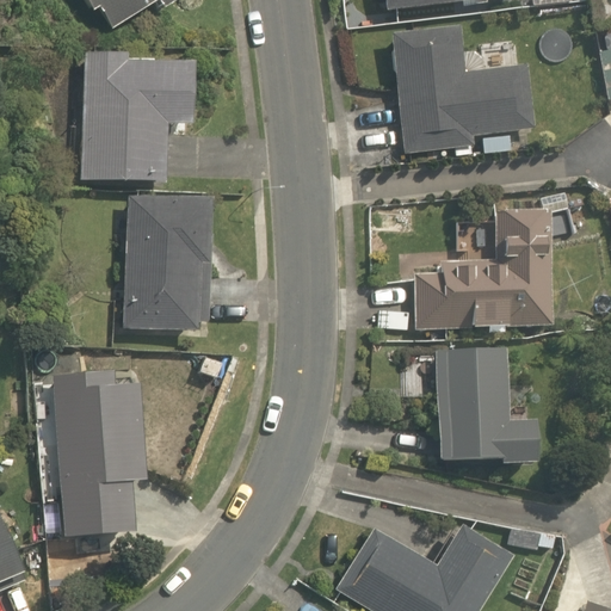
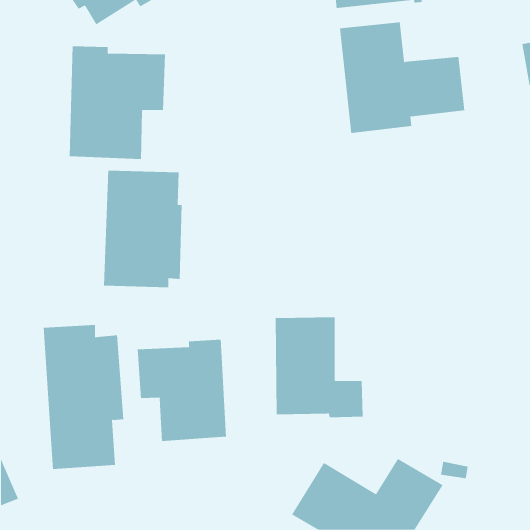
building: [415,211,550,328] -> none
building: [437,346,538,462] -> [275,317,364,418]
building: none -> [137,339,227,442]

